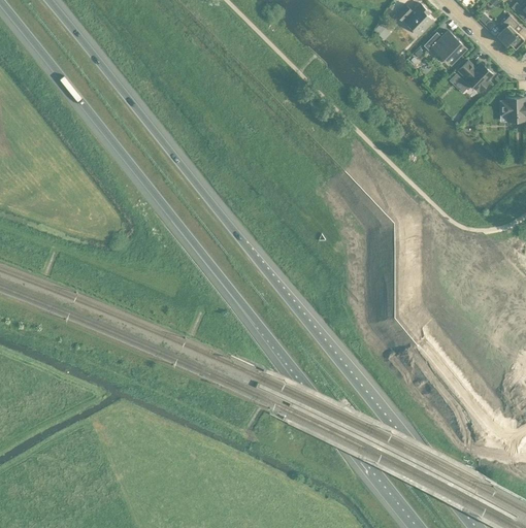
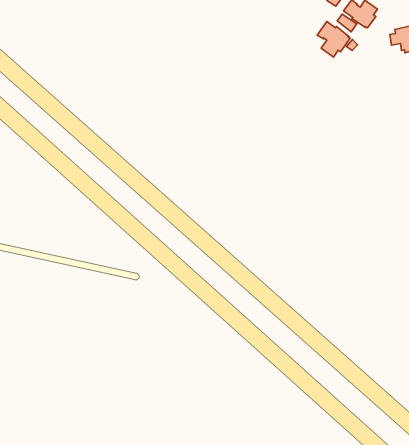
building: none -> [317,22,350,57]

